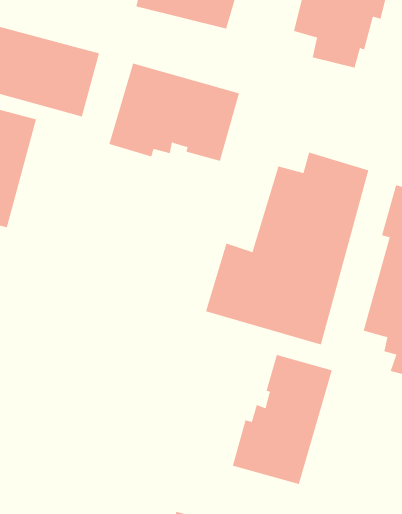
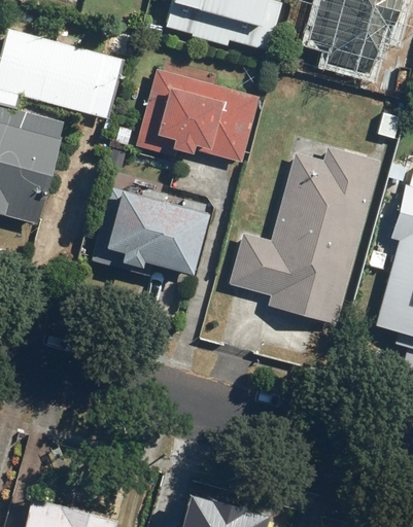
building: none -> [90,184,208,274]
building: [232,354,332,485] -> none

